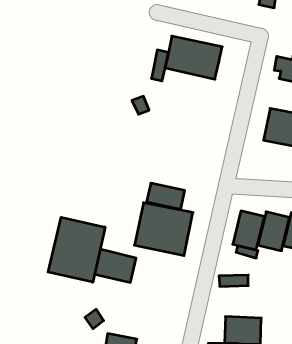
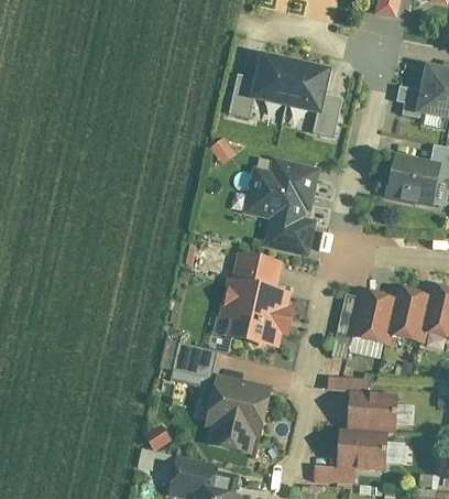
building: none -> [317,89,348,135]
building: none -> [244,155,324,250]
building: [48,217,105,282] -> none
building: none -> [204,376,270,442]
building: none -> [346,399,395,436]

